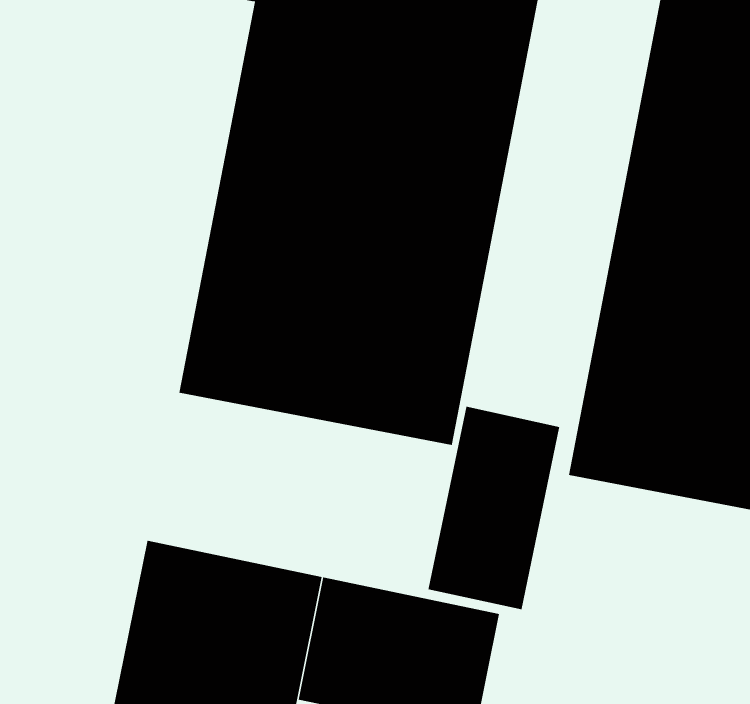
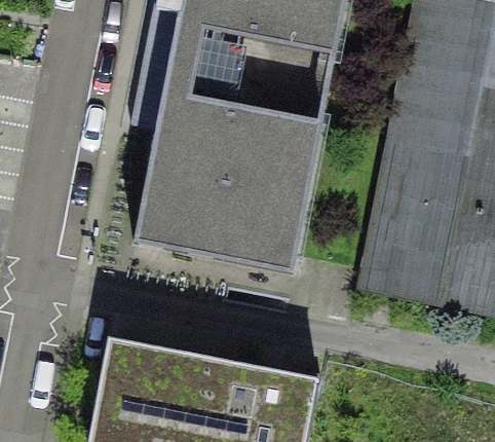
building: [428,406,560,610] -> none

